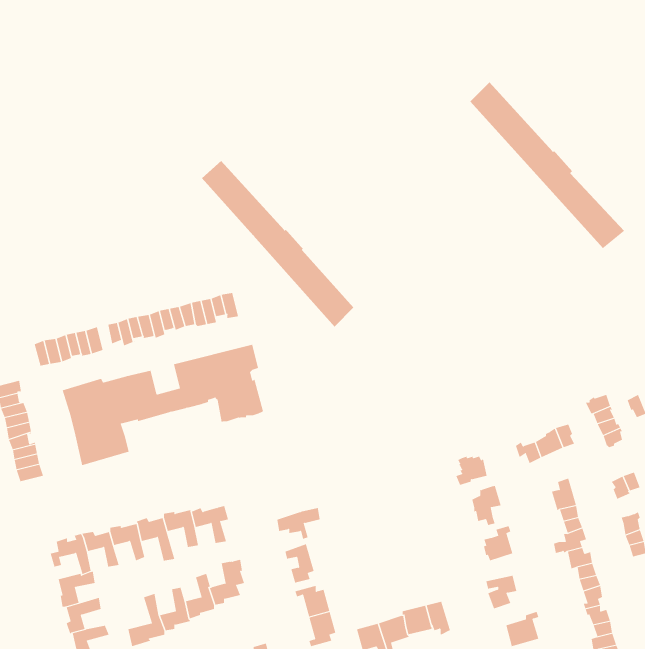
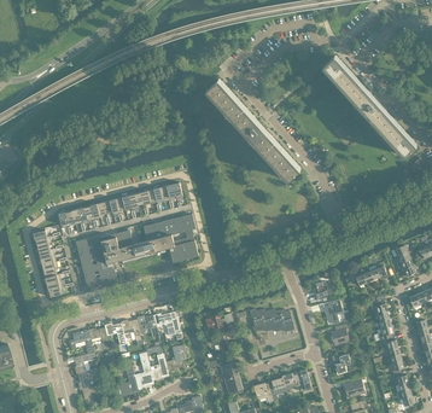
building: [201,160,354,327] -> [206,78,299,180]
building: none -> [249,308,294,332]

